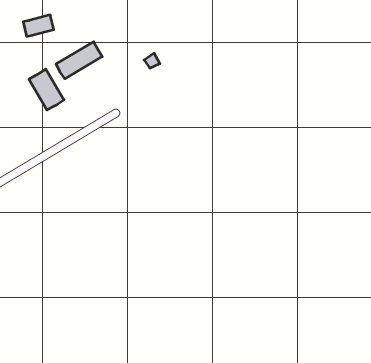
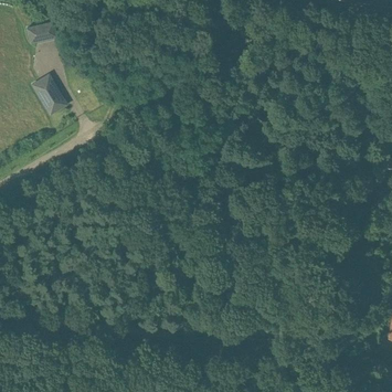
building: [56,42,102,79] -> none

